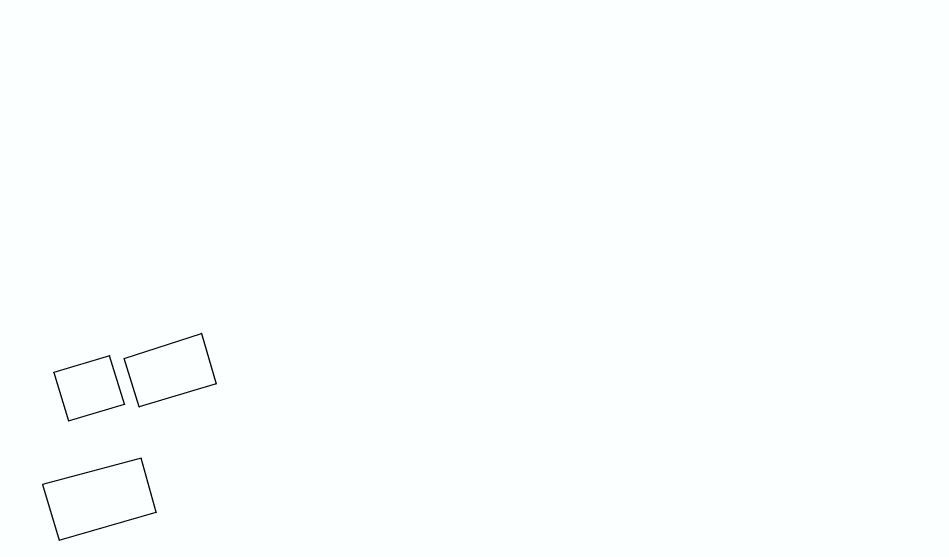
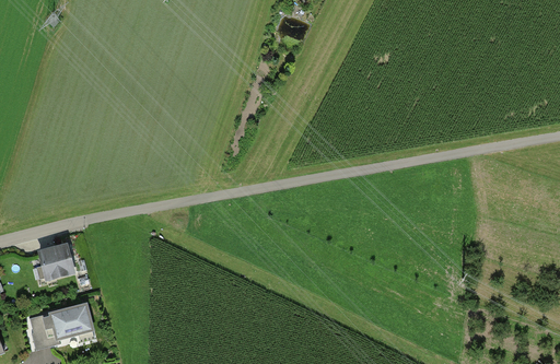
building: [124,333,216,407] -> none

